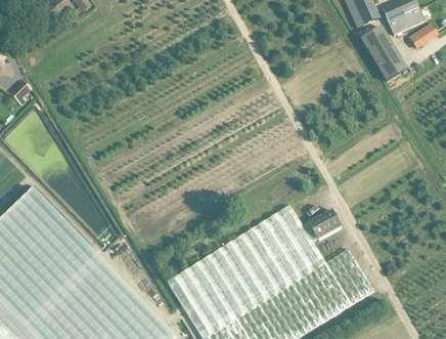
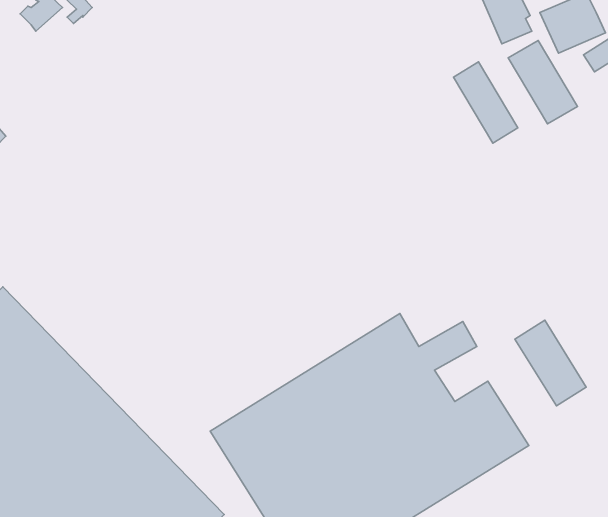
building: none -> [454,62,518,143]
building: none -> [515,320,586,406]

